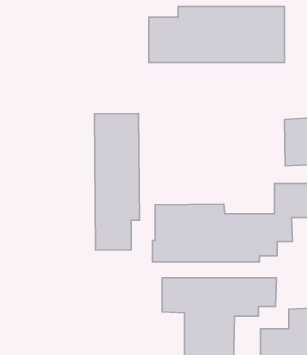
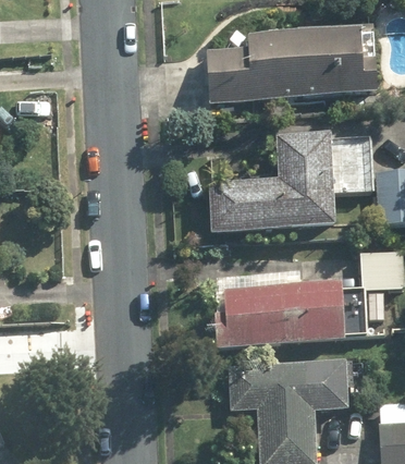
building: none -> [205,135,371,233]
building: [94,113,140,250] -> none

